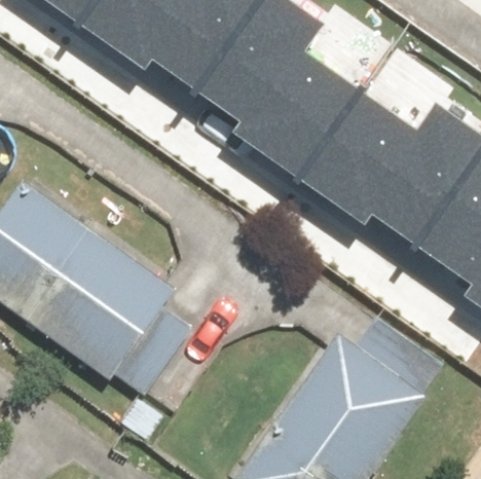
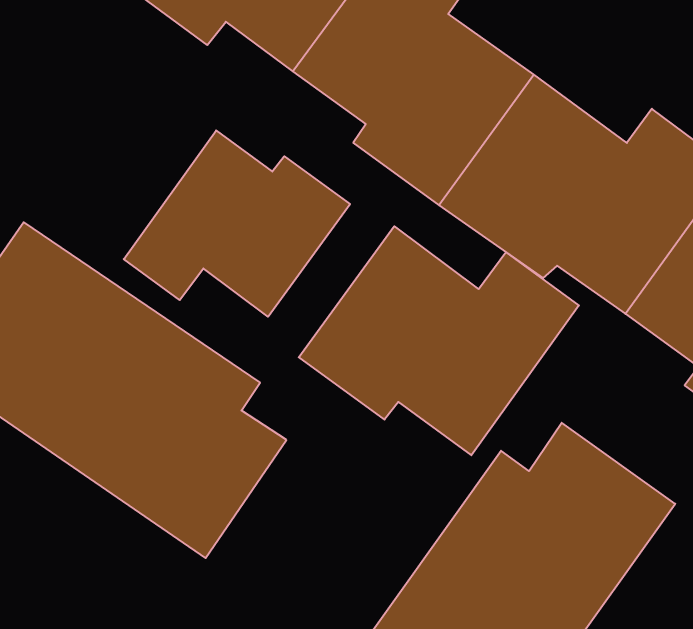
building: none -> [124,130,350,317]
building: none -> [299,226,579,455]

